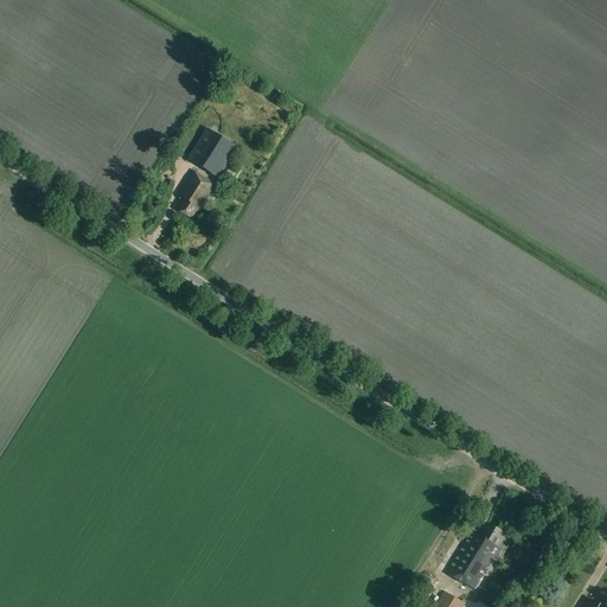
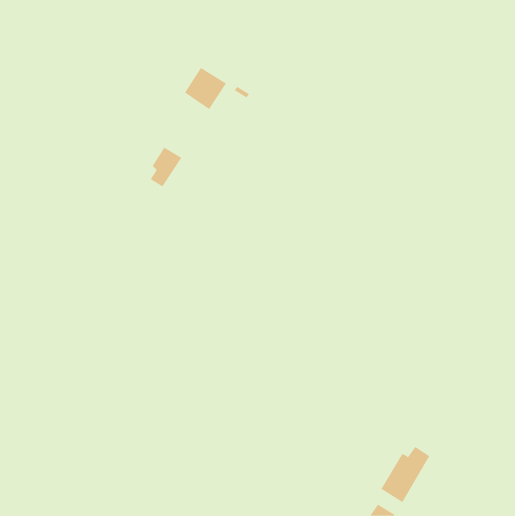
building: [186,128,236,178] -> [184,67,227,110]

